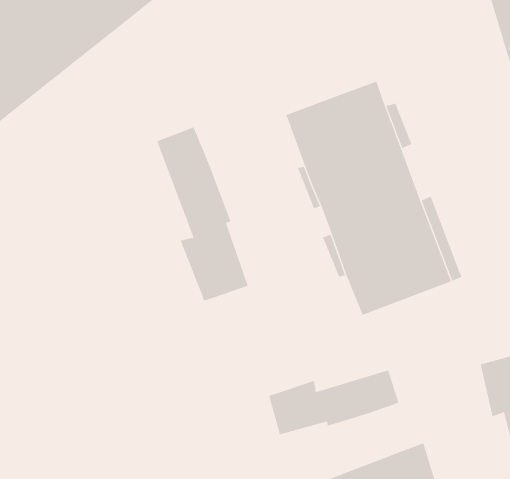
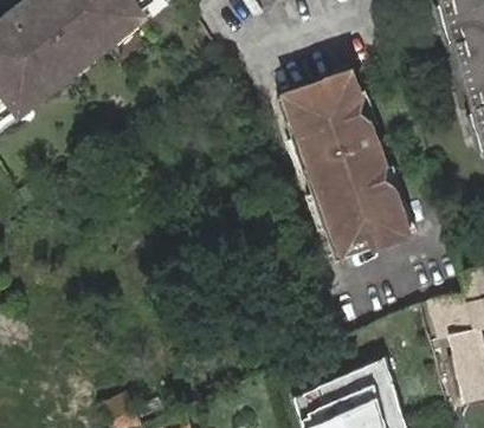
building: [157,126,248,301] -> none
building: [268,370,399,435] -> none

